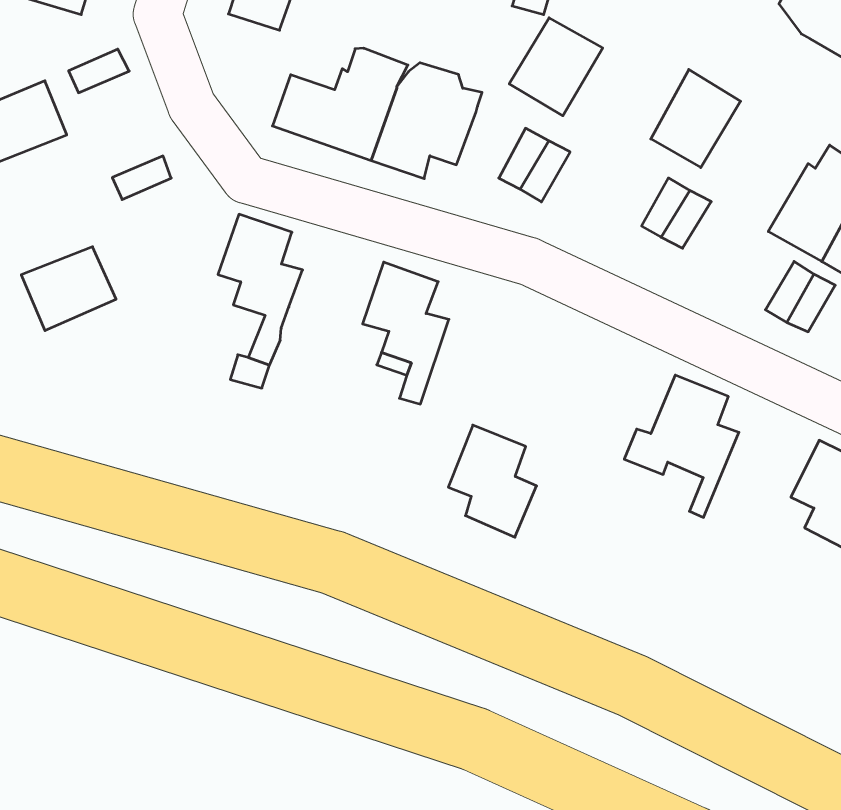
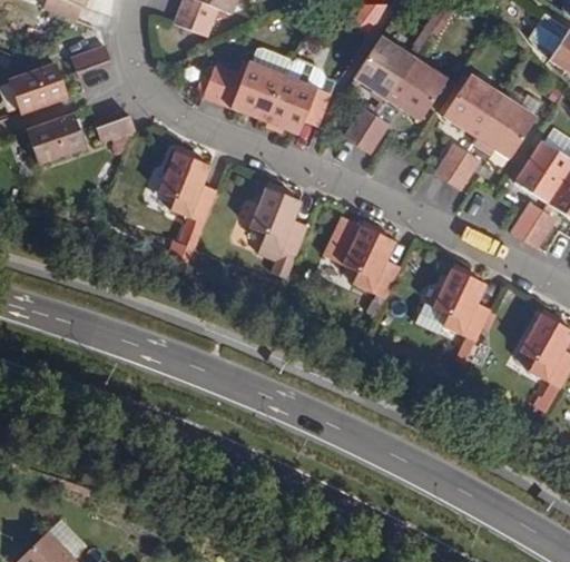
building: none -> [386,57,446,120]
building: none -> [473,96,533,158]
building: [21,247,116,331] -> [30,114,90,166]
building: [448,425,537,537] -> [341,225,397,298]

